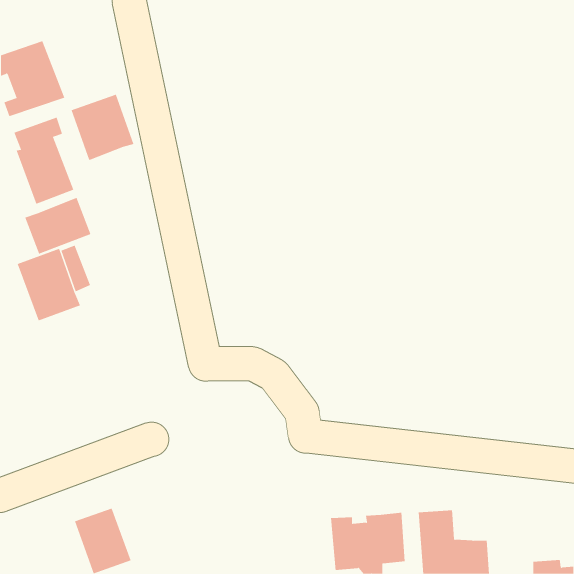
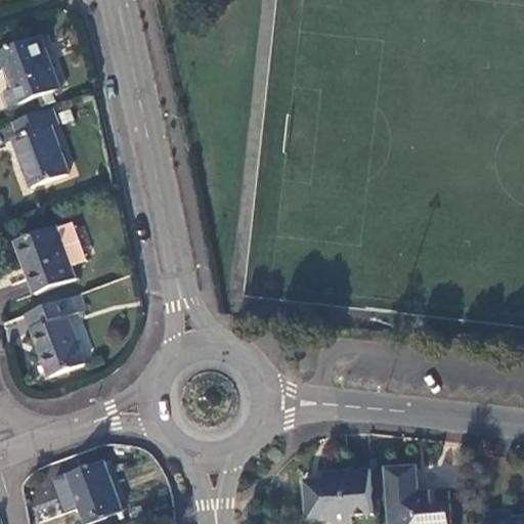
building: [71,94,134,160] -> none
building: [25,197,91,254] -> none
building: none -> [30,297,83,376]

